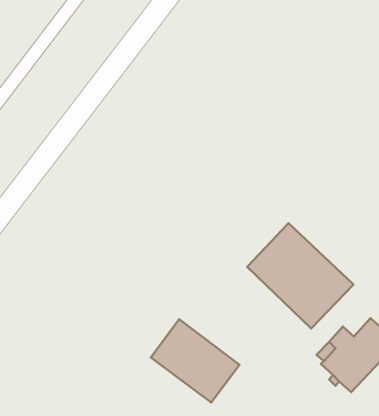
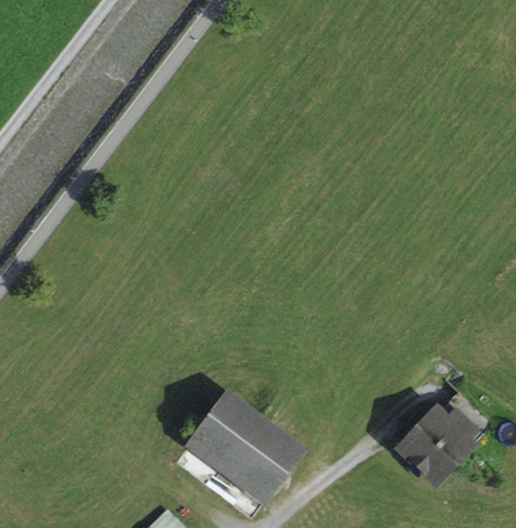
building: [247,223,354,328] -> none

